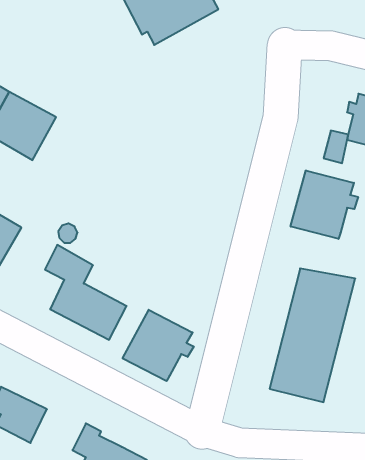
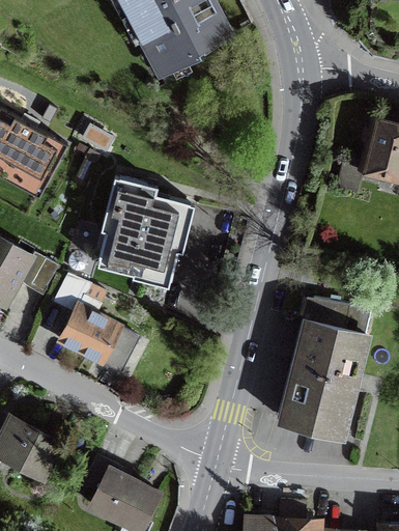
building: none -> [99,179,188,279]
building: [291,170,358,239] -> none
building: none -> [17,253,58,297]
building: [123,310,194,381] -> none

